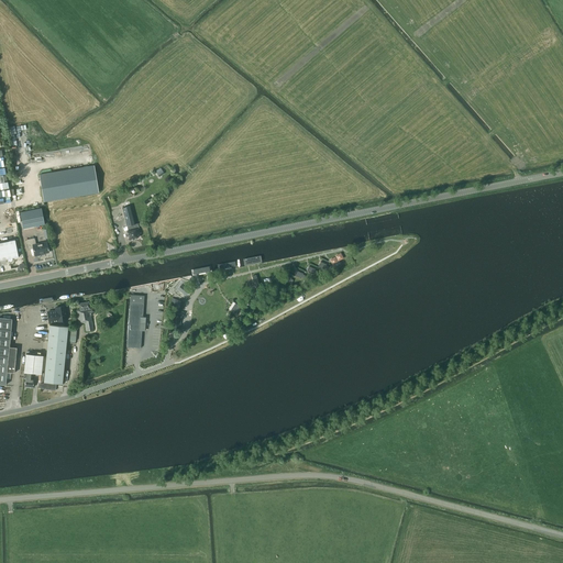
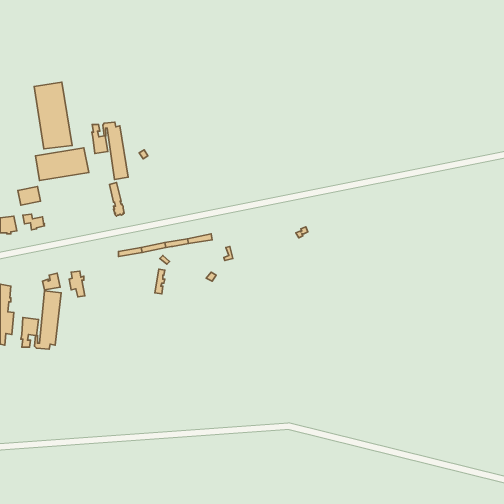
building: none -> [34,82,72,149]
building: none -> [92,122,128,179]
building: [126,295,145,347] -> none

